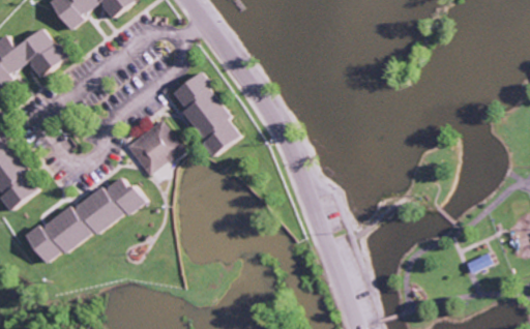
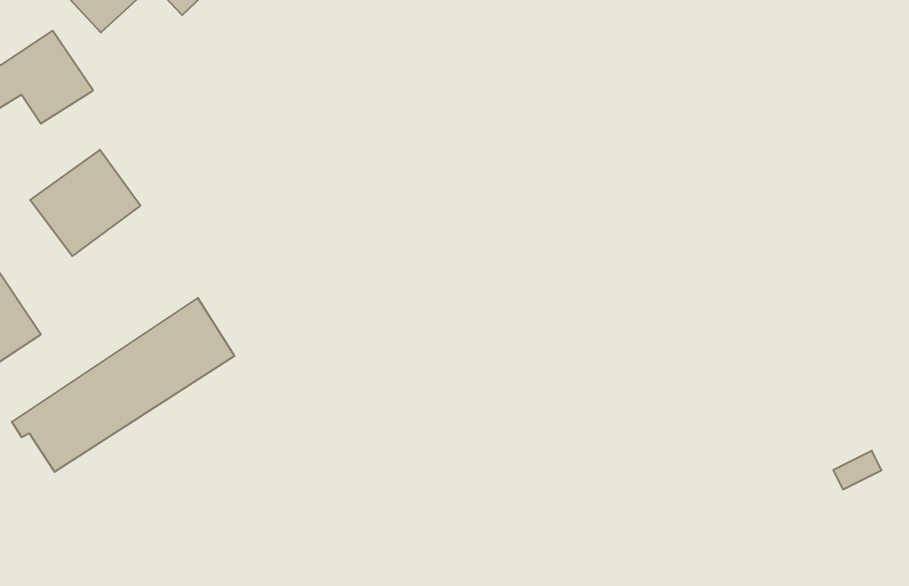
building: [172,73,240,156] -> none
building: [120,119,179,176] -> [30,150,140,256]

